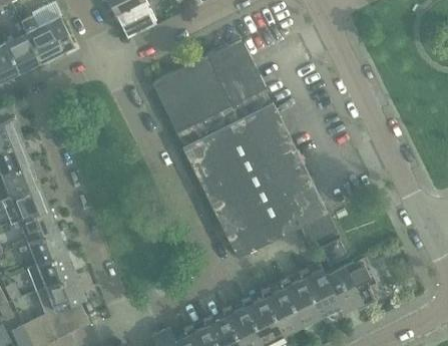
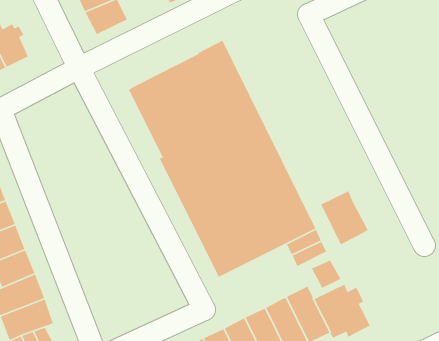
building: none -> [320,190,369,245]

